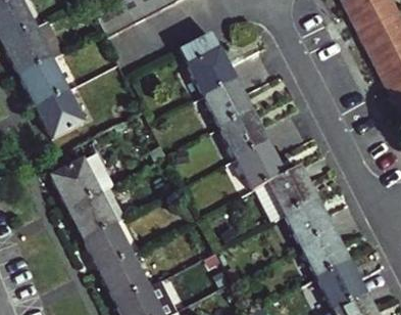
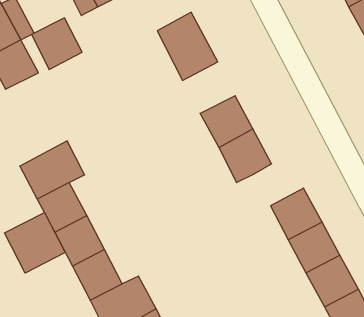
building: [201,77,250,125] -> none
building: [37,87,84,135] -> [31,18,82,70]
building: [267,165,313,211] -> none
building: none -> [4,212,65,273]

